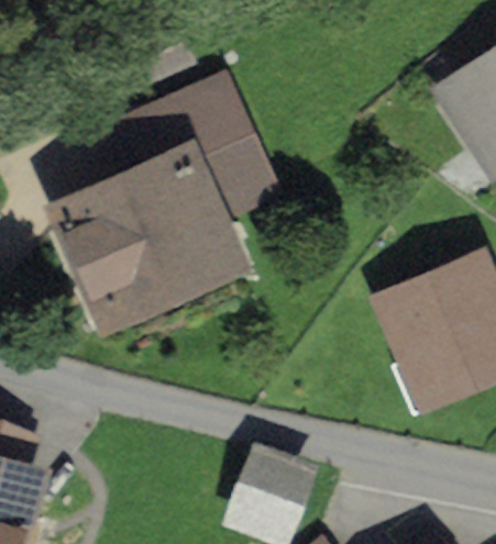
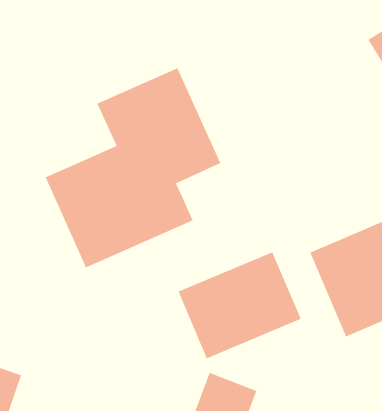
building: none -> [178,251,301,359]

